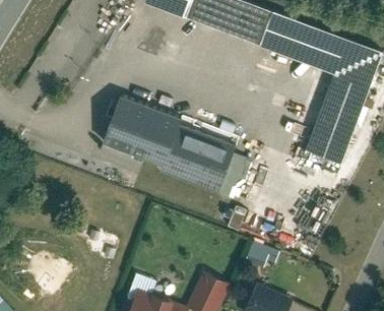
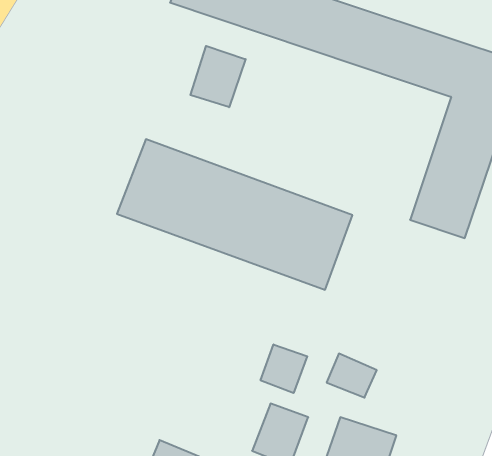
building: none -> [190,46,246,107]
building: none -> [261,344,307,393]

